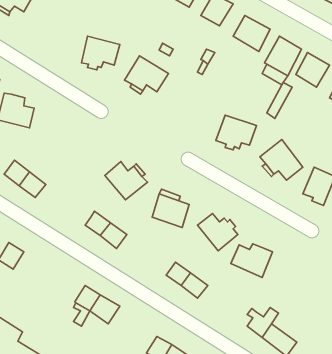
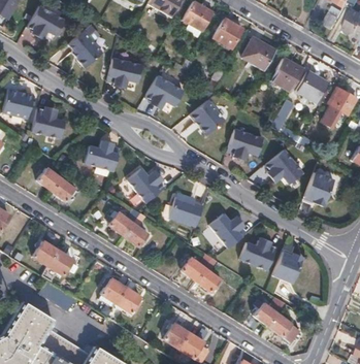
building: none -> [67,29,101,65]
building: none -> [190,98,224,133]
building: none -> [86,140,120,170]
building: none -> [45,247,77,273]
building: none -> [271,252,302,284]

